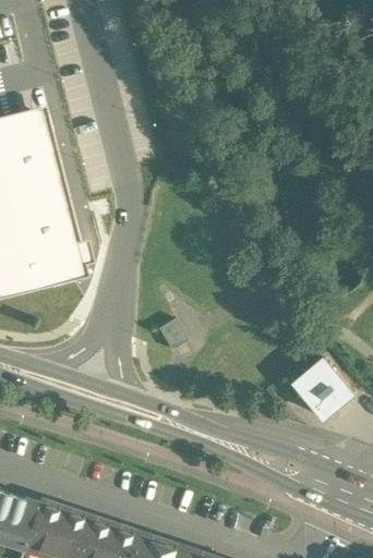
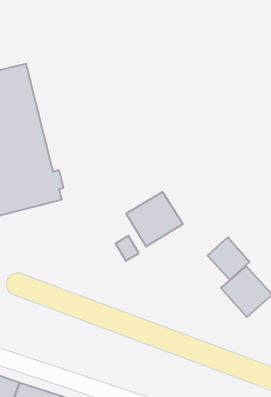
building: none -> [126,192,183,247]
building: none -> [208,237,250,280]

